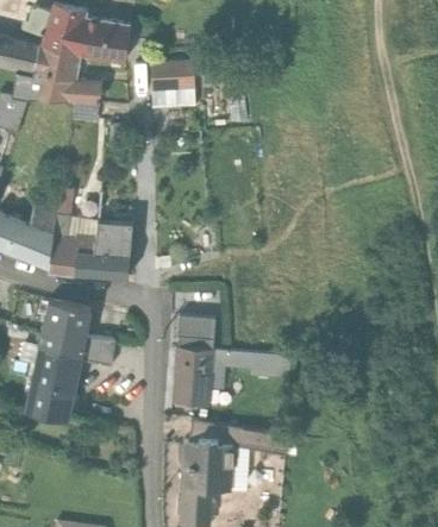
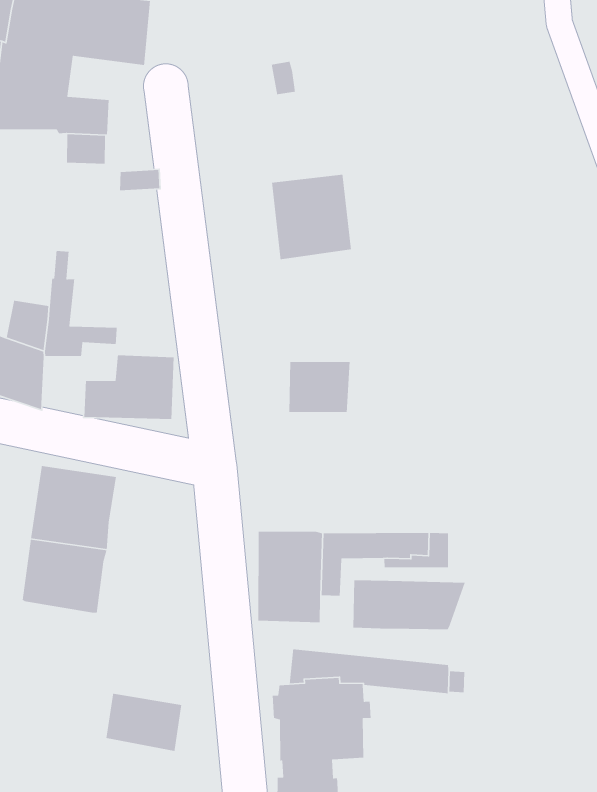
building: [149,59,195,109] -> [271,174,352,260]
building: [49,228,96,274] -> none
building: [175,318,214,351] -> [289,361,350,413]
building: [81,338,114,366] -> none
building: none -> [352,579,466,630]
building: [25,383,73,421] -> [106,693,182,752]

